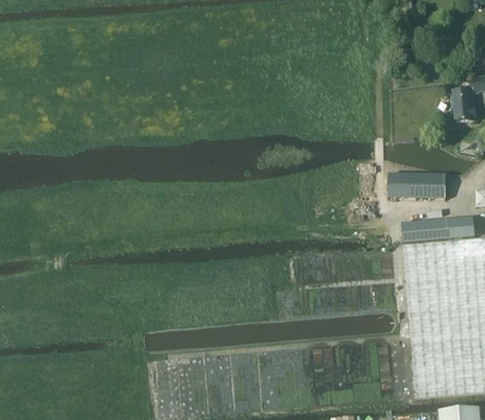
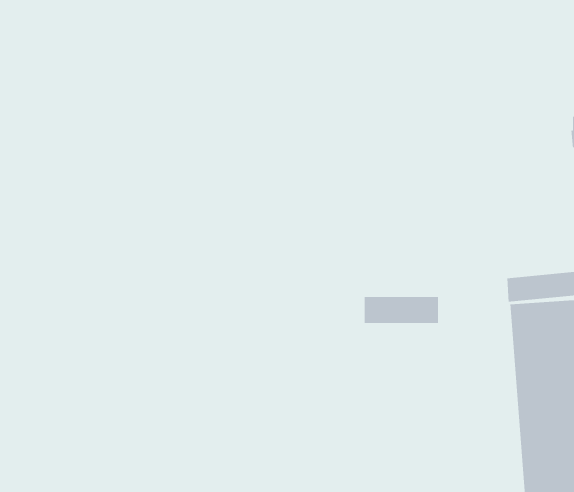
building: [388,174,447,195] -> [364,296,439,324]

